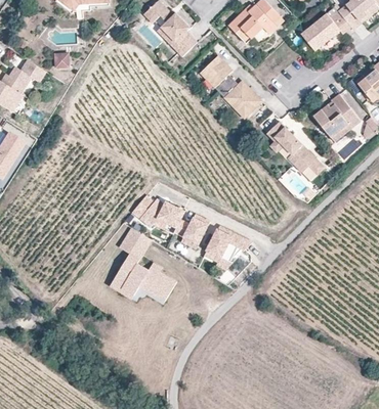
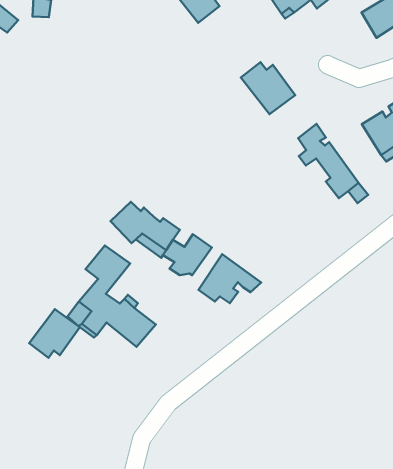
building: [198,55,230,92] -> none
building: none -> [29,309,80,358]

